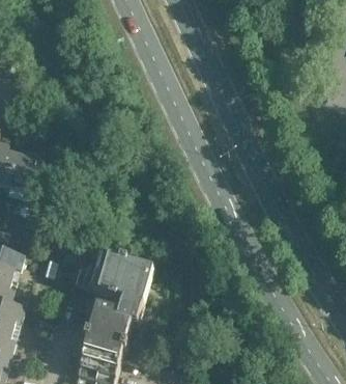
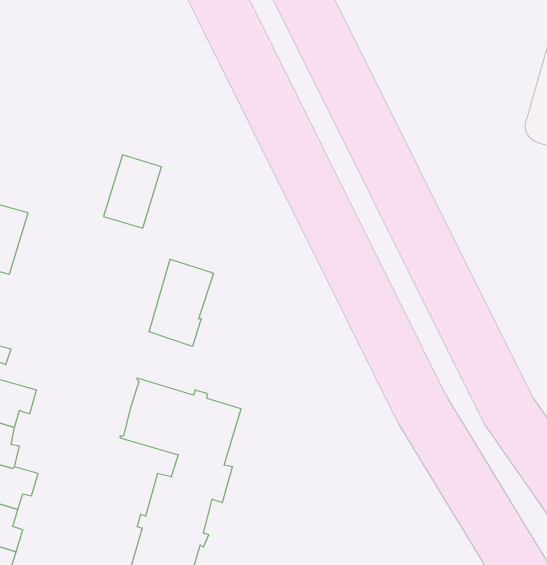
building: [7,149,42,194] -> [104,155,162,228]
building: none -> [149,259,213,346]

